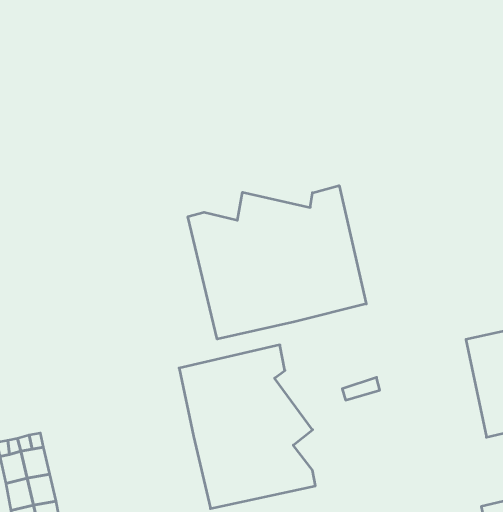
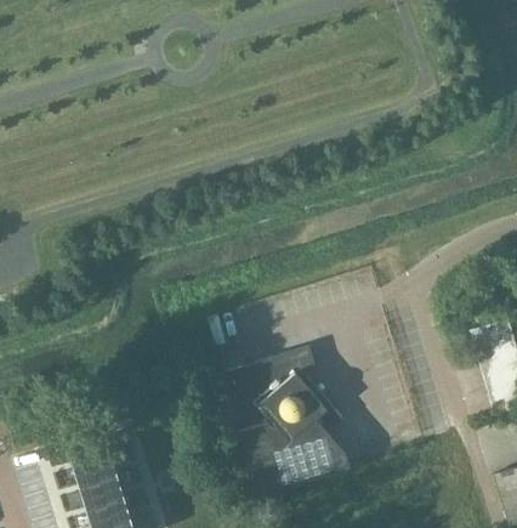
building: [188,186,366,339] -> none

